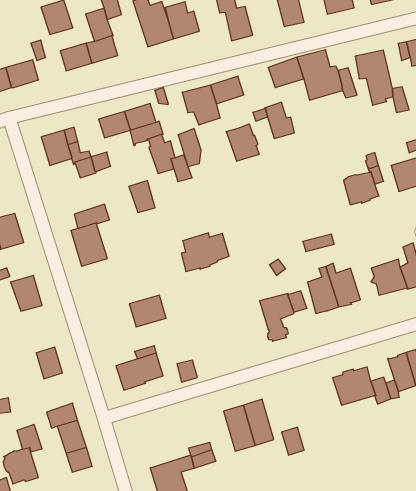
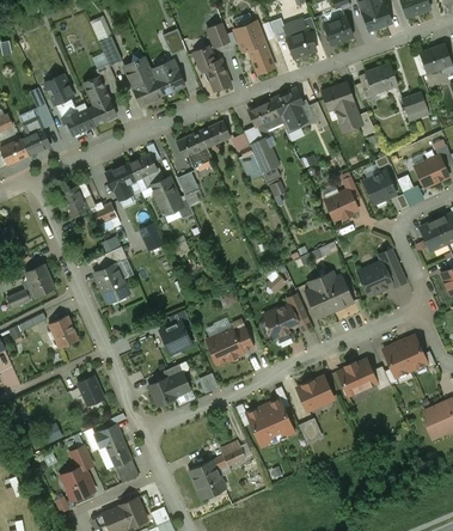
building: [226,124,259,161] -> none
building: [181,233,229,272] -> [210,326,252,364]
building: none -> [299,377,332,410]

